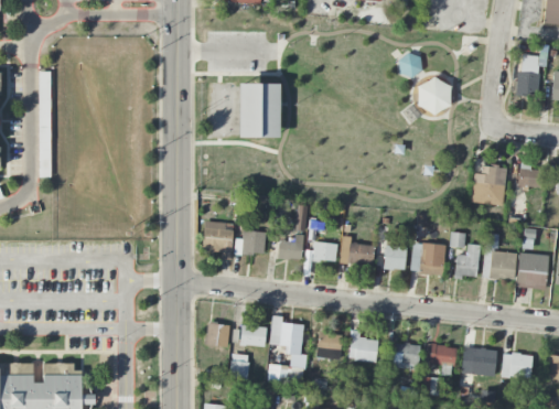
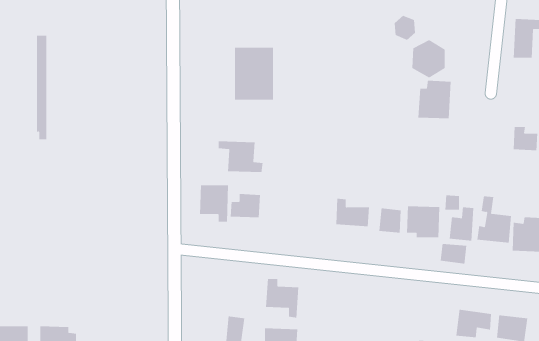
building: [471,165,505,204] -> [417,80,452,119]
building: none -> [218,140,263,173]
building: [277,234,303,260] -> none
building: [312,241,336,261] -> none
building: [206,323,228,345] -> none
building: [239,325,266,346] -> none
building: [348,330,378,362] -> none
building: [315,332,343,359] -> none
building: [394,343,420,368] -> none
building: [429,344,456,365] -> [440,243,467,264]

